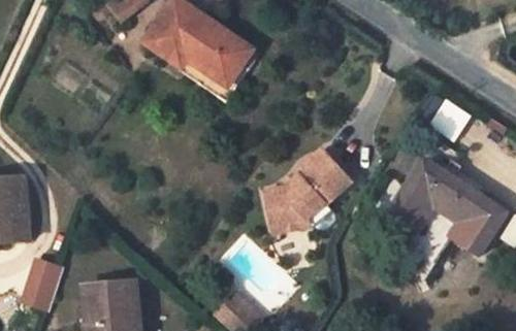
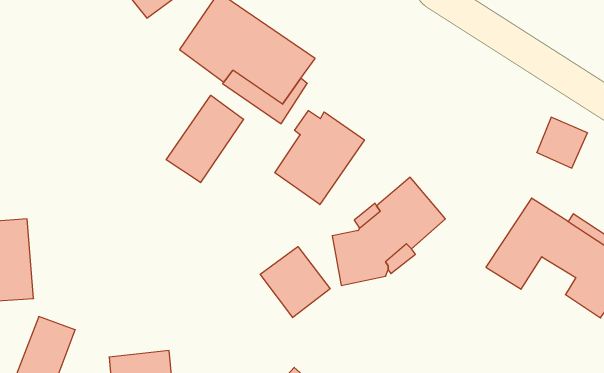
building: none -> [166,95,244,183]
building: none -> [275,111,364,205]
building: none -> [260,247,330,318]

